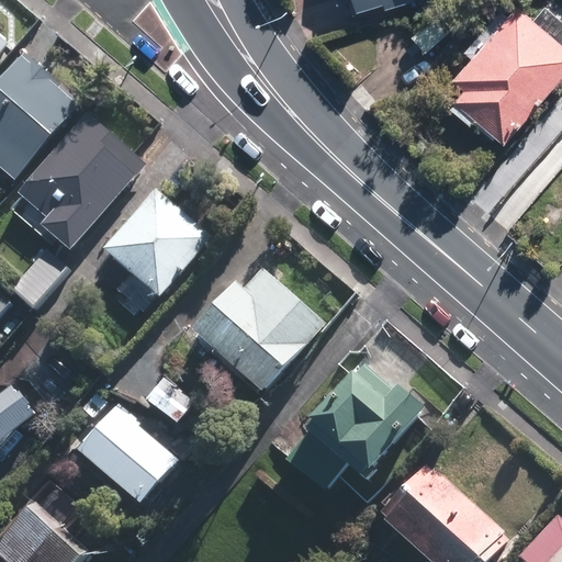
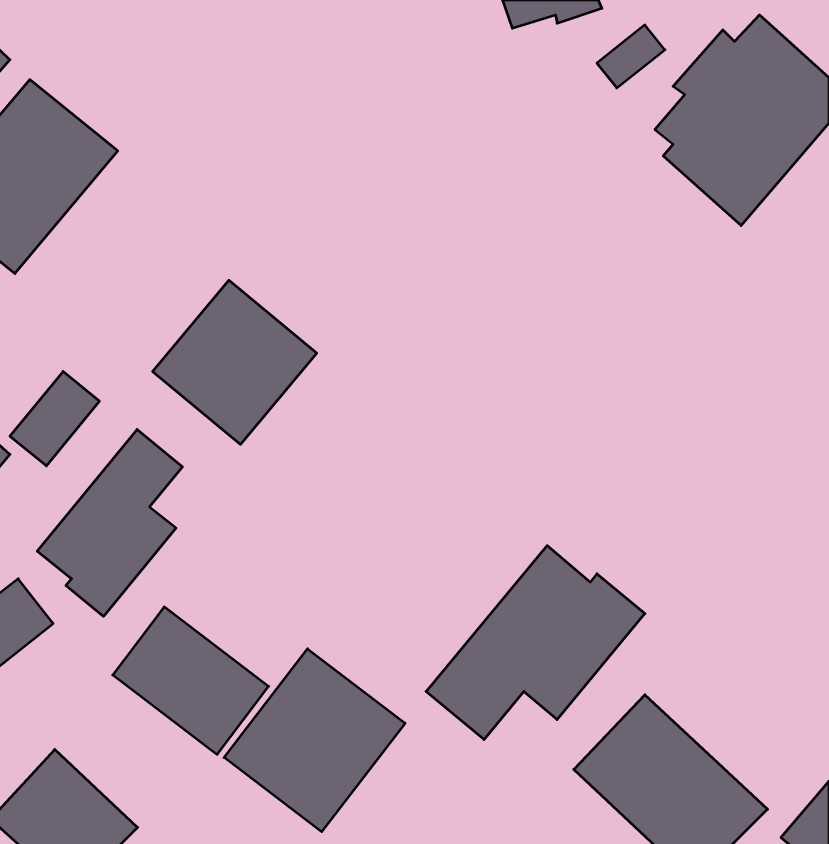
building: [15,112,145,251] -> none
building: [176,265,327,392] -> none
building: none -> [37,429,182,616]
building: none -> [224,649,405,832]

